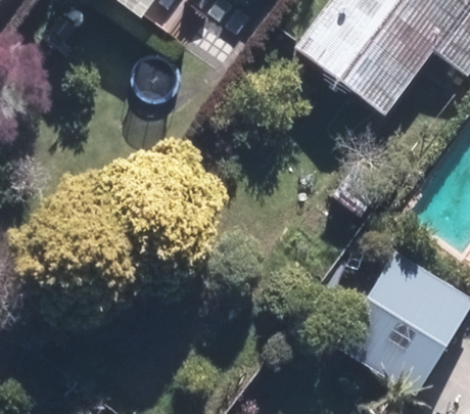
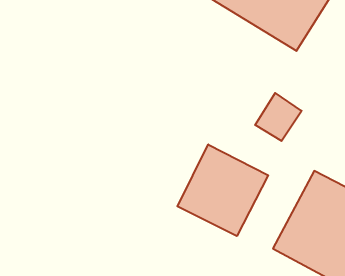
building: none -> [177,144,268,236]

